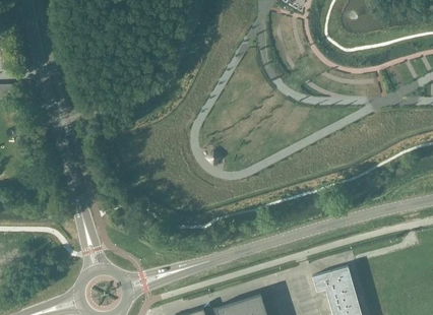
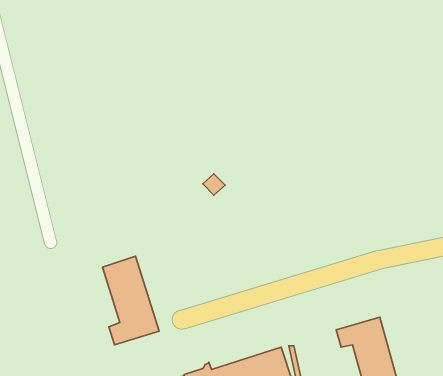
building: none -> [103,256,159,345]

